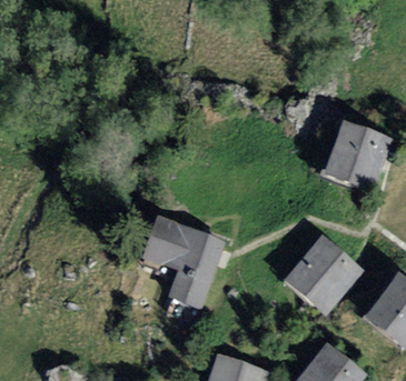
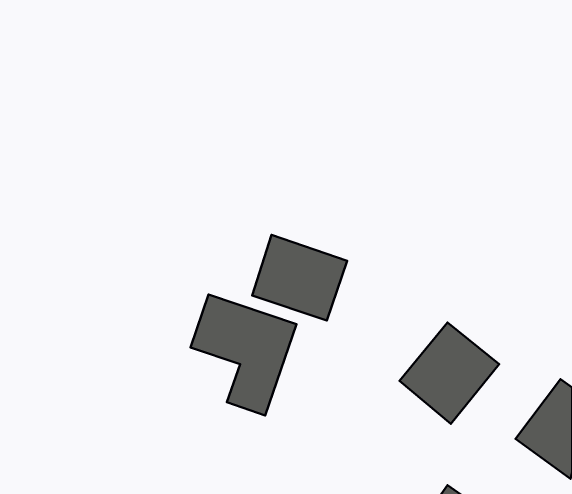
building: [335,133,384,186] -> none
building: none -> [252,235,347,320]

